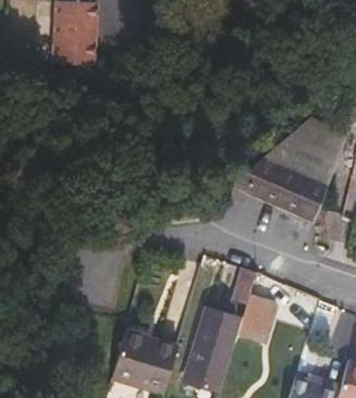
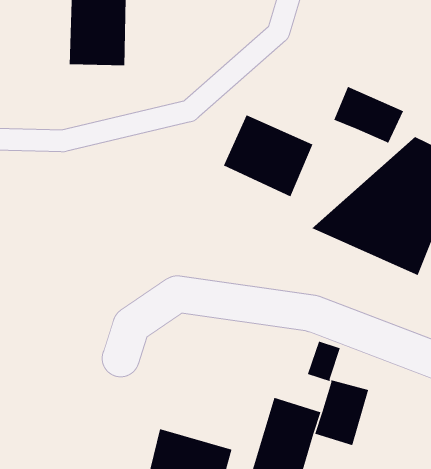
building: none -> [333,86,404,144]
building: none -> [223,114,313,198]

